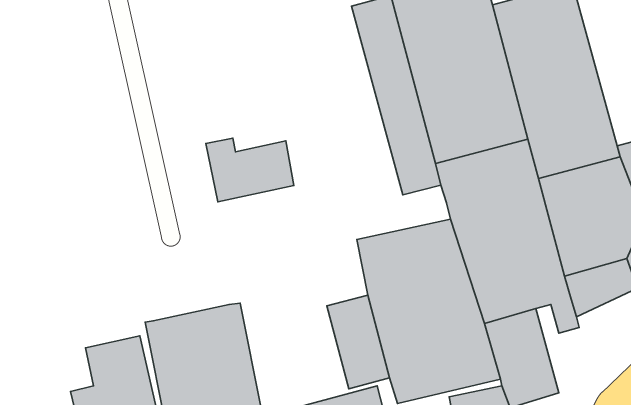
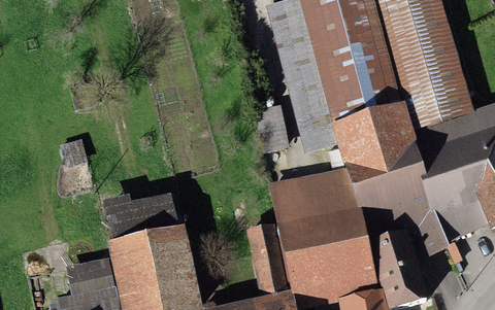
building: [206,138,294,202] -> [110,196,177,244]

